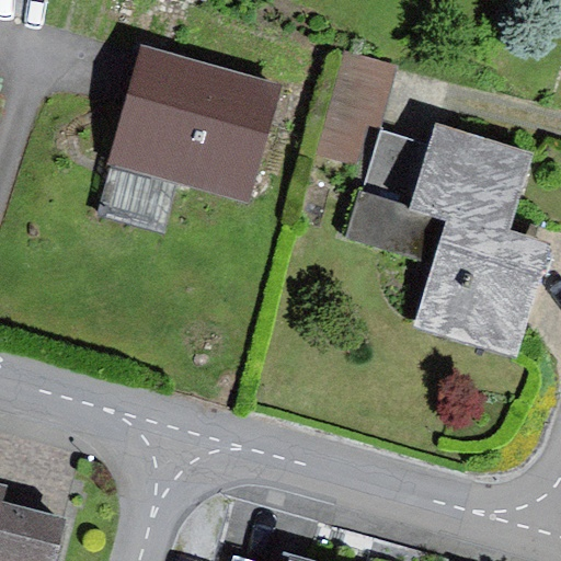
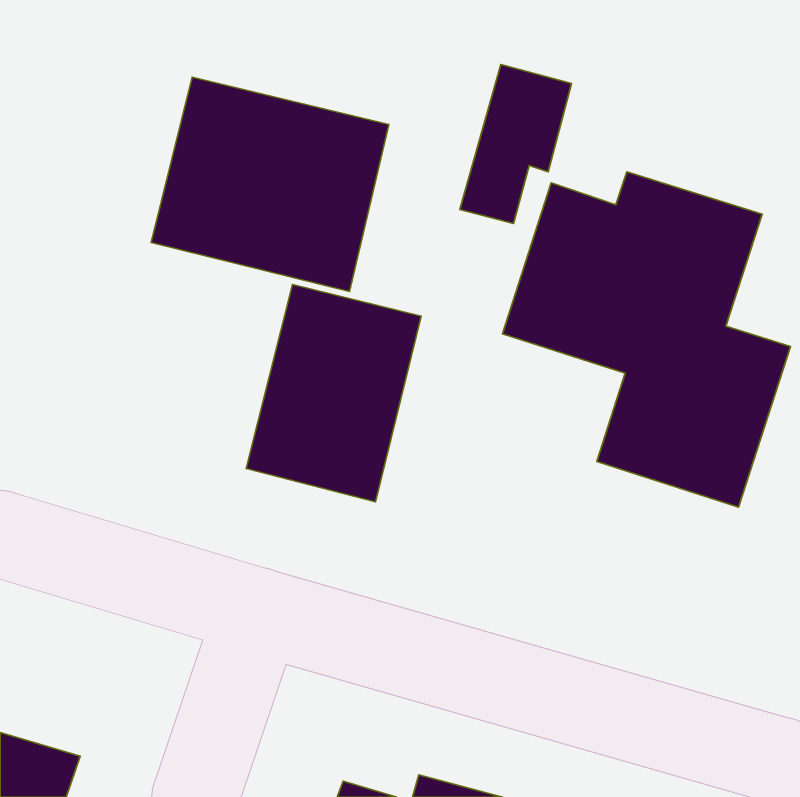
building: none -> [246,285,421,502]

